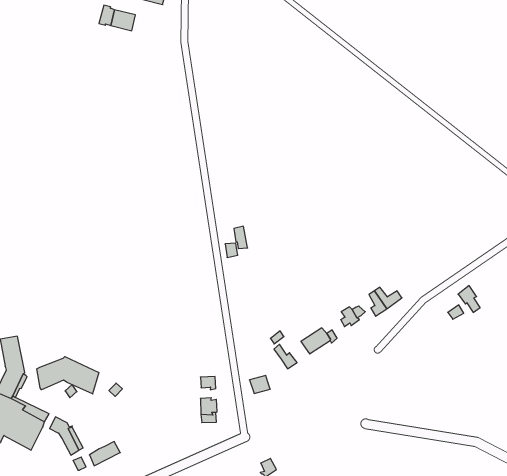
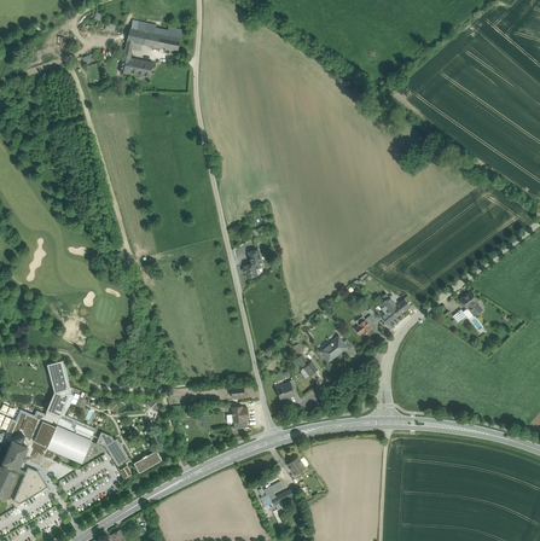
building: [37,357,99,394] -> none

